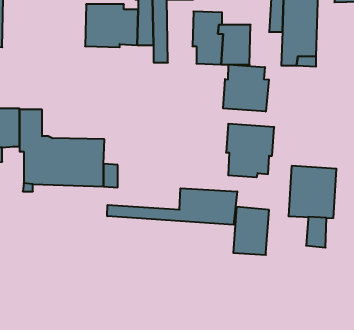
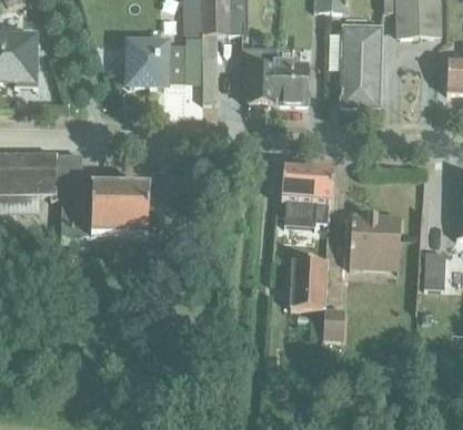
building: [223,65,269,112] -> none
building: [107,188,237,225] -> none
building: [306,217,327,248] -> [322,308,344,341]

